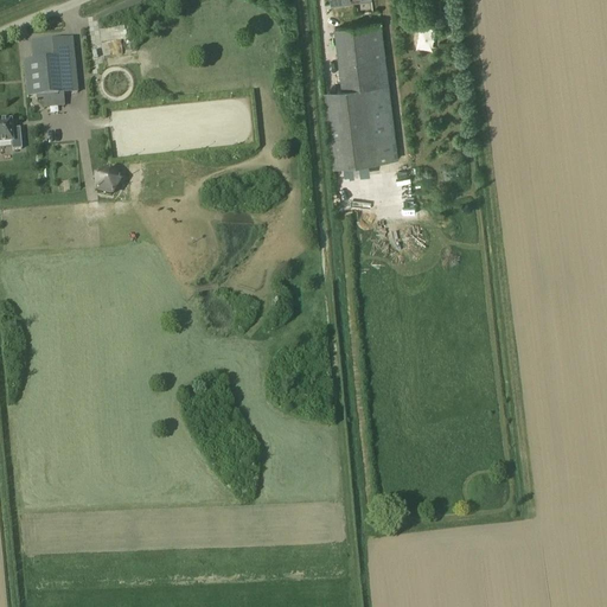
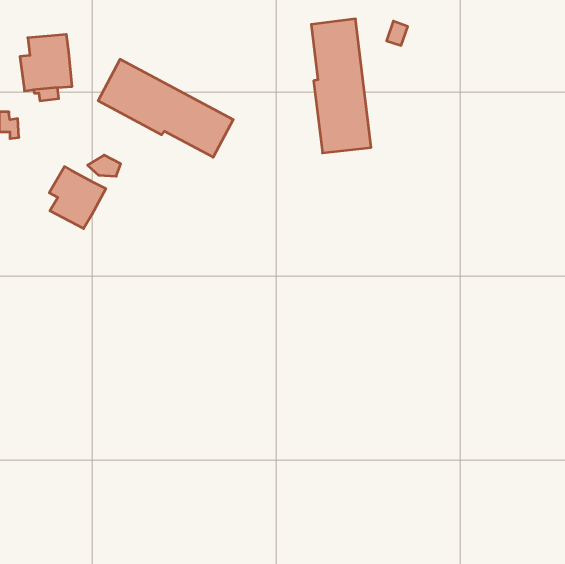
building: none -> [98,59,233,157]
building: none -> [49,167,106,229]

